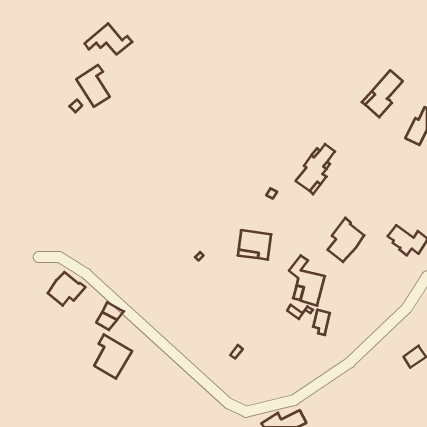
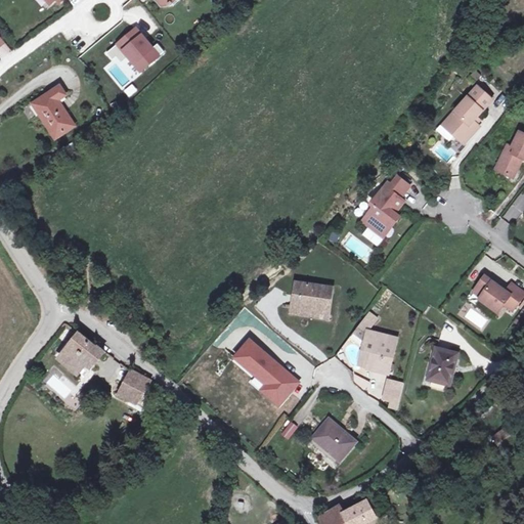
building: [76,65,110,107] -> [33,86,74,137]
building: [328,218,364,262] -> none
building: none -> [210,337,300,408]
building: none -> [428,348,456,384]
building: [94,334,132,379] -> none
building: none -> [316,419,355,460]

